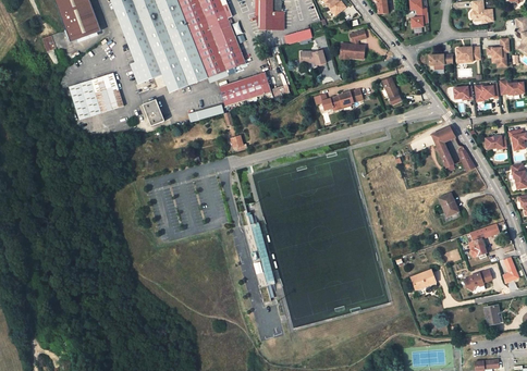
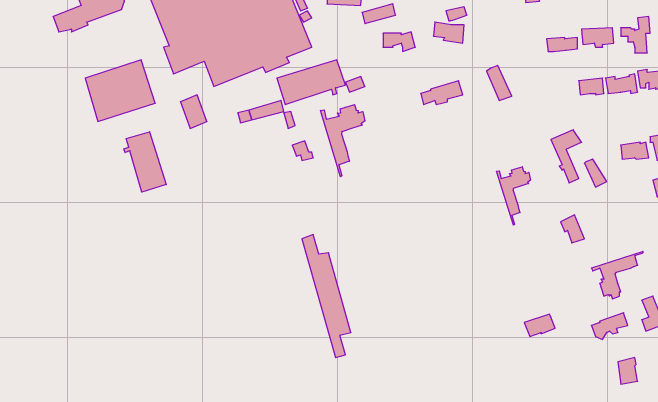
building: none -> [321,105,365,177]
building: none -> [124,132,166,192]
building: none -> [497,167,531,225]

